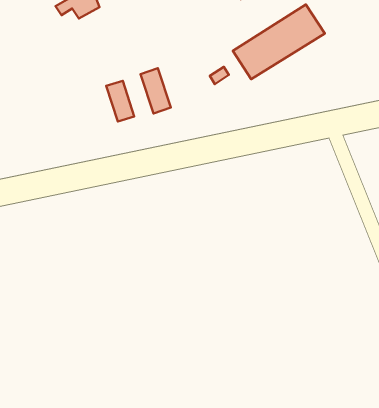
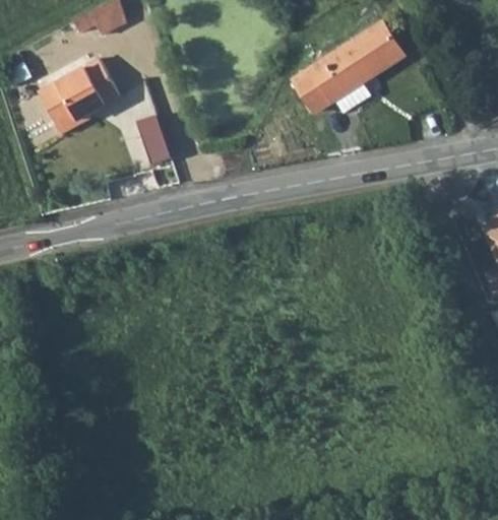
building: none -> [36,60,118,132]
building: [141,68,171,113] -> none

